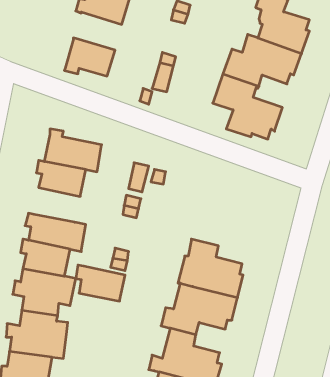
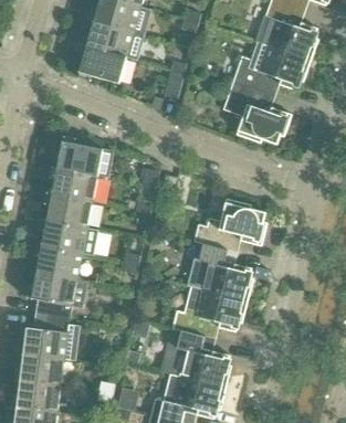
building: none -> [80,20,144,60]
building: none -> [193,198,266,250]
building: [76,265,125,301] -> [43,191,92,226]

